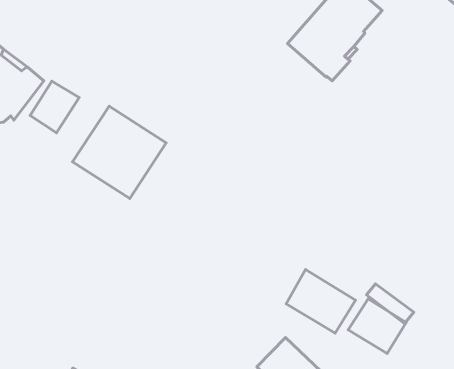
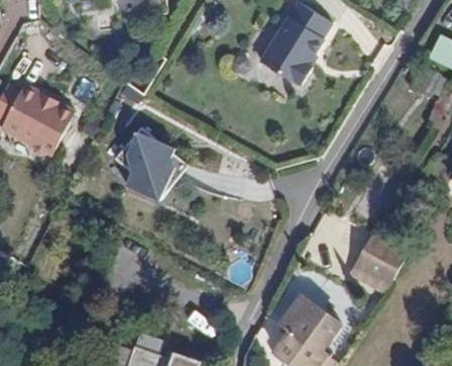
building: [30,81,79,133] -> none
building: [286,270,356,333] -> none

